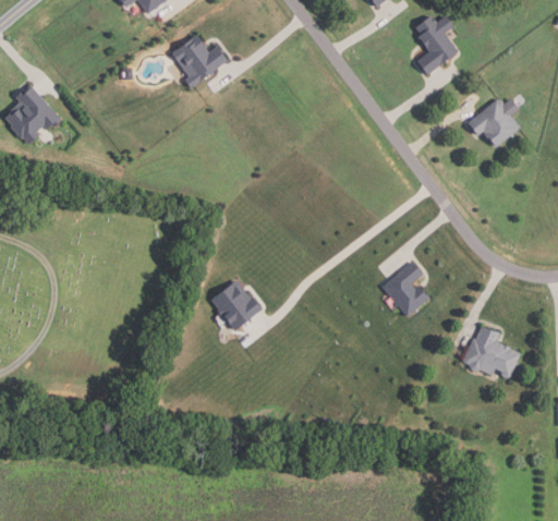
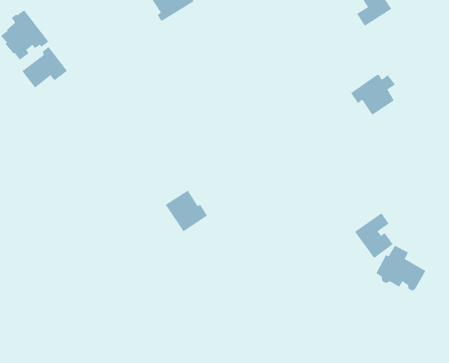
building: [468,98,520,147] -> [350,75,396,115]
building: none -> [22,46,68,89]
building: [381,262,428,316] -> [354,213,394,259]

